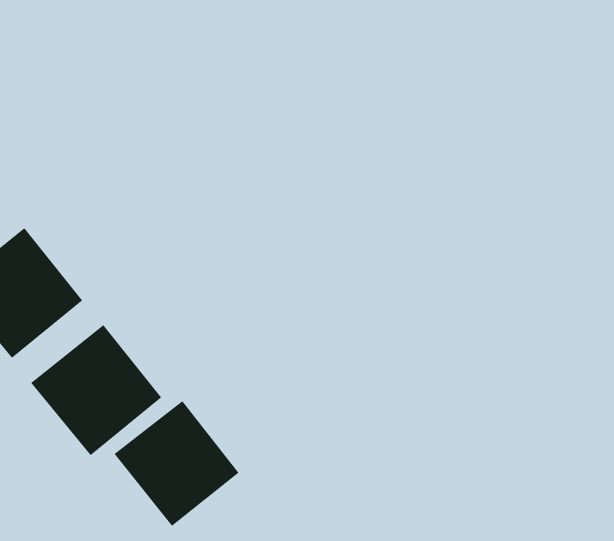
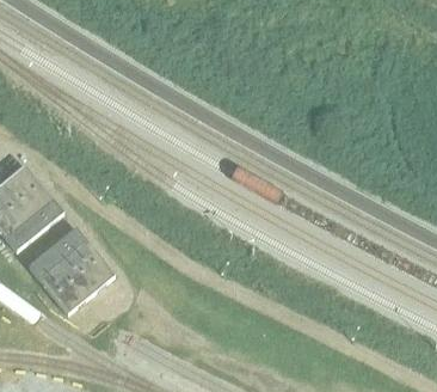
building: [113,400,239,527] -> none

